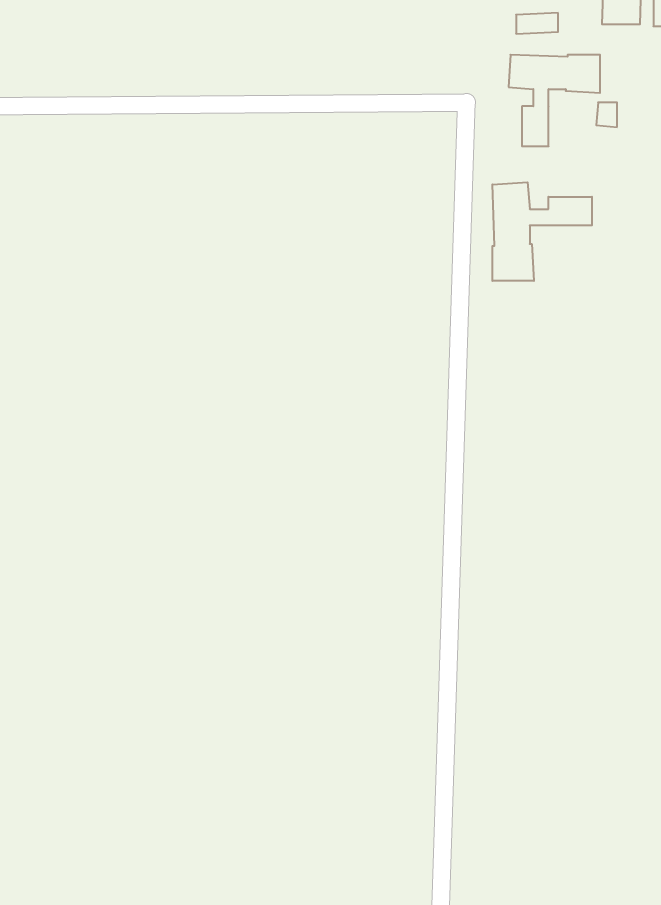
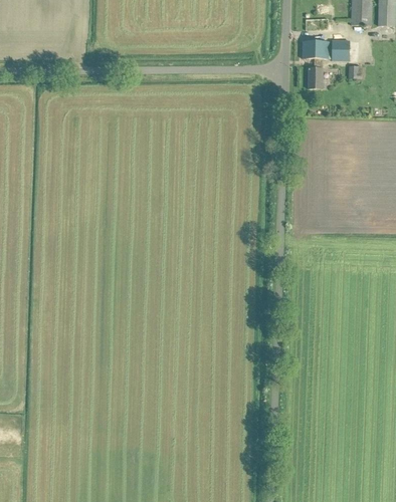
building: [492,182,592,281] -> none

